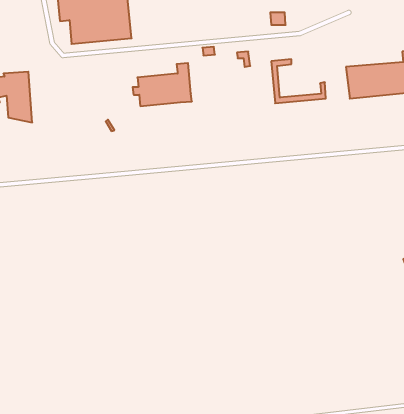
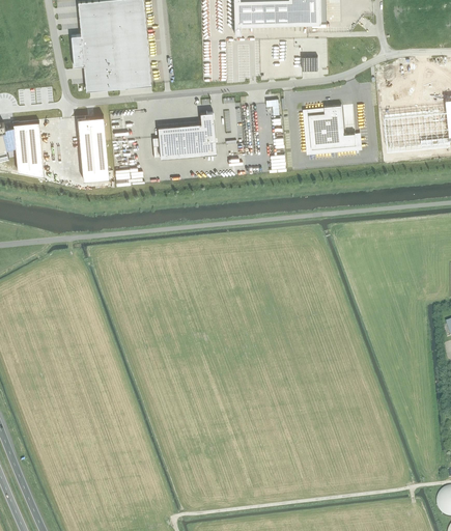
building: none -> [309,105,357,148]
building: none -> [77,115,109,179]

